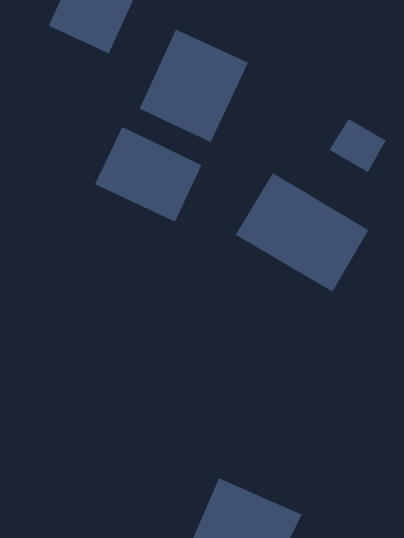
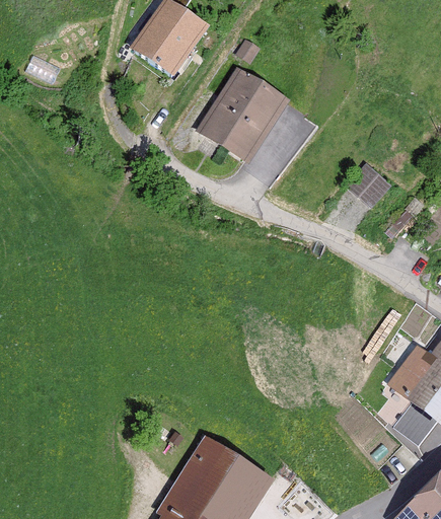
building: [94,126,202,223] -> none
building: [235,172,369,292] -> none

